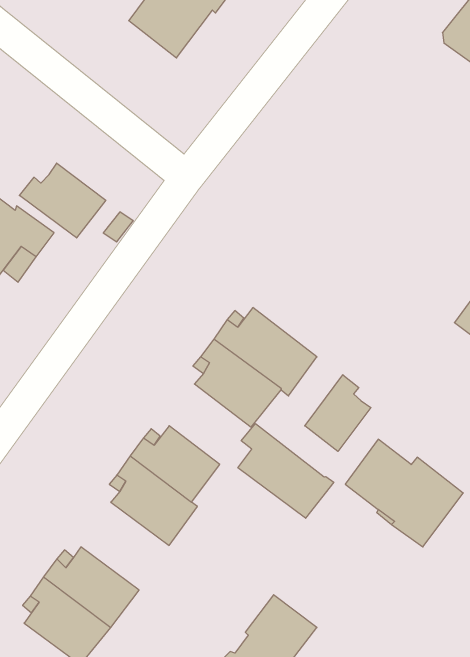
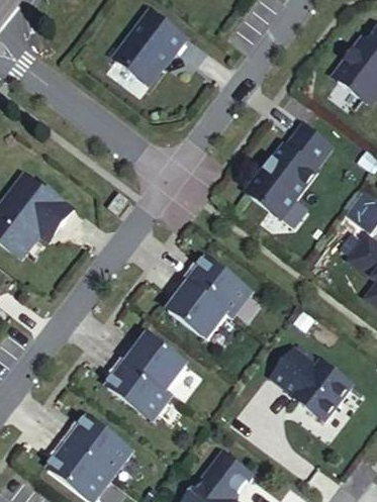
building: none -> [242,123,333,222]
building: [19,163,106,238] -> none
building: [305,375,371,451] -> none
building: [238,424,334,518] -> none

